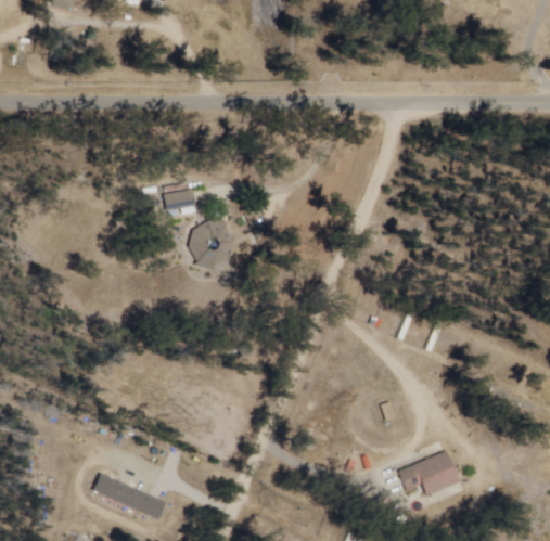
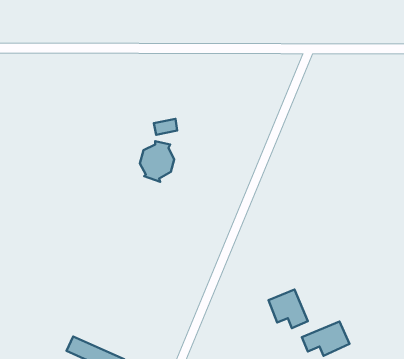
building: [163,189,193,209] -> [154,119,177,135]
building: none -> [268,290,308,328]

